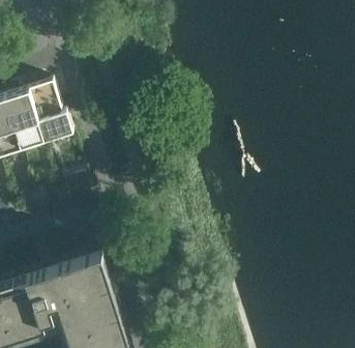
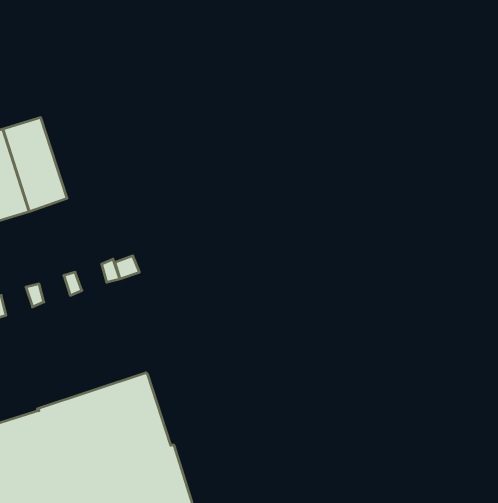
building: [29,82,73,141] -> none

